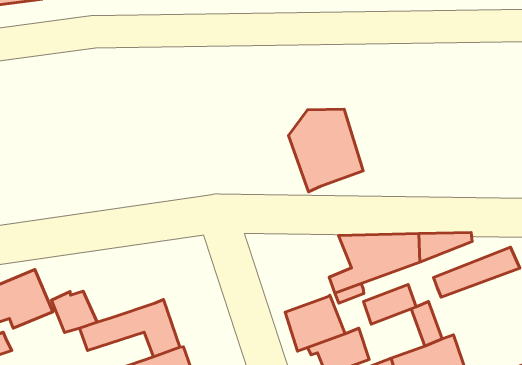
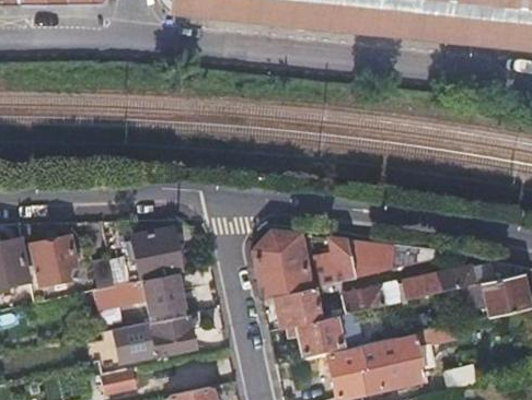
building: [289,109,363,192] -> [254,227,313,296]
building: none -> [109,231,167,280]

